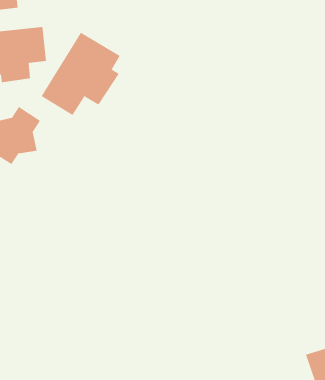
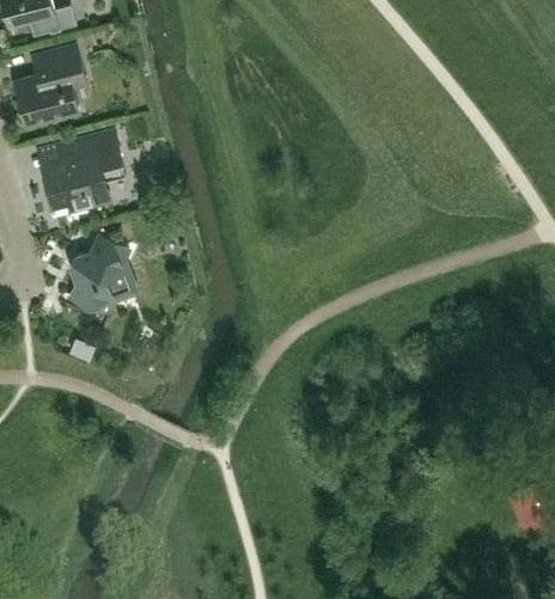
building: [41,32,121,116] -> none

